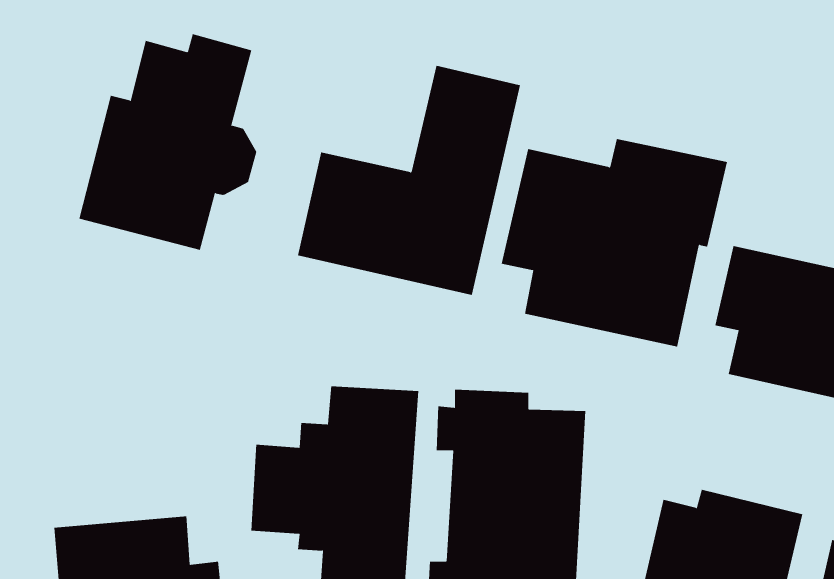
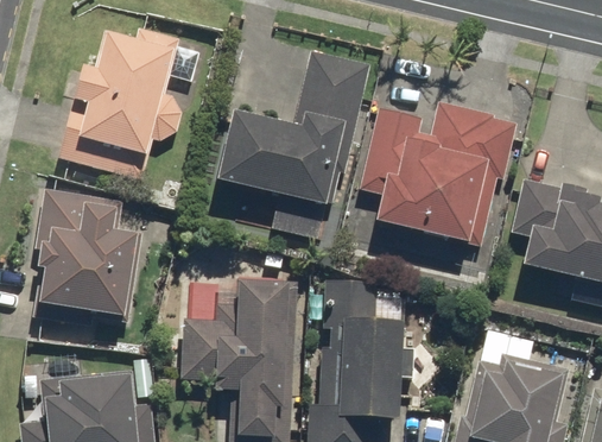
building: none -> [33,187,145,327]

